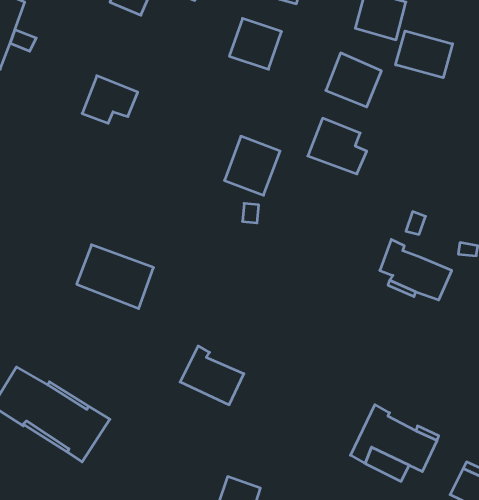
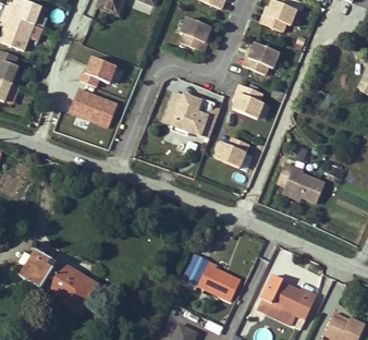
building: [396,31,453,78] -> none
building: none -> [211,137,248,167]
building: [77,245,154,309] -> [66,85,118,128]
building: [180,346,244,405] -> [197,260,240,300]

